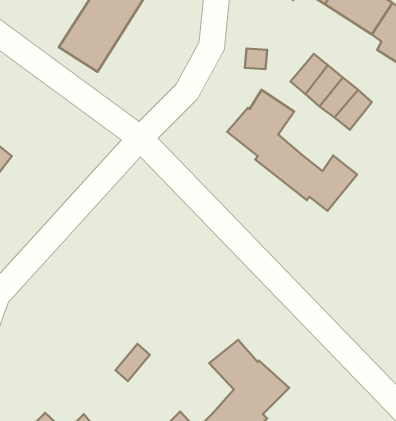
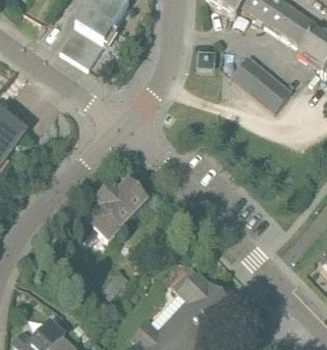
building: [227,90,357,211] -> none
building: none -> [73,177,148,240]

